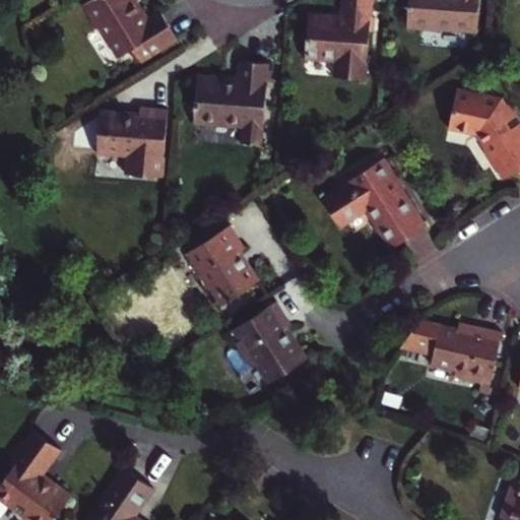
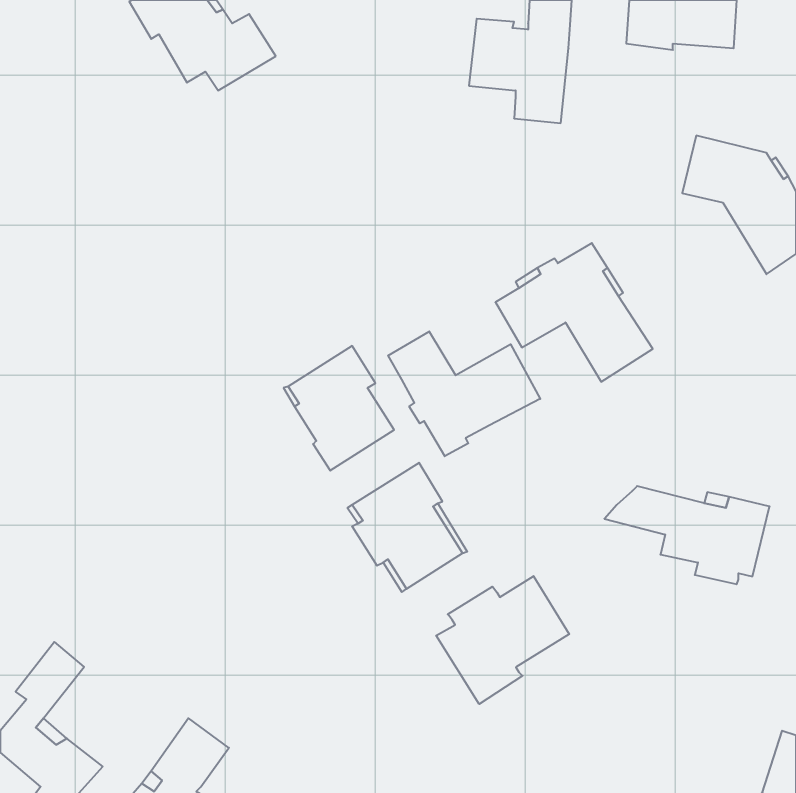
building: [195,63,271,146] -> none
building: [99,104,169,175] -> none
building: none -> [388,331,540,456]
building: none -> [436,576,569,704]

